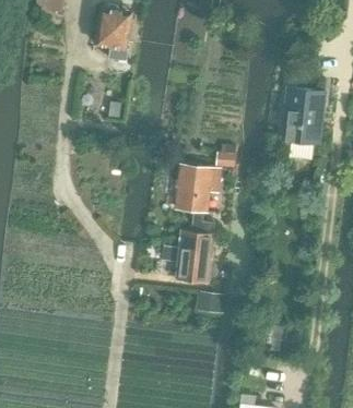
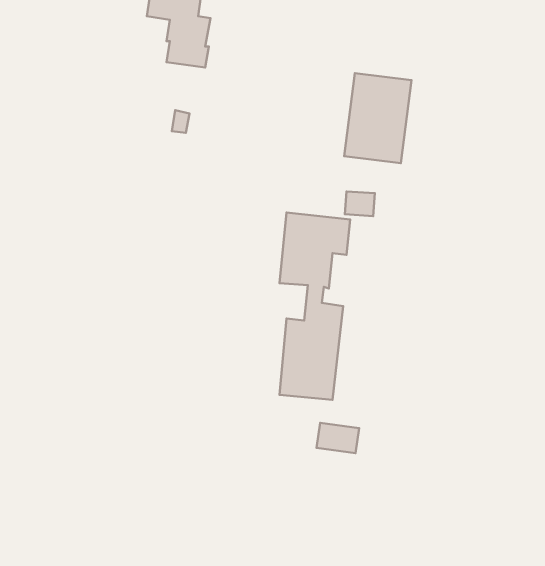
building: [282,87,323,143] -> [344,73,411,163]

